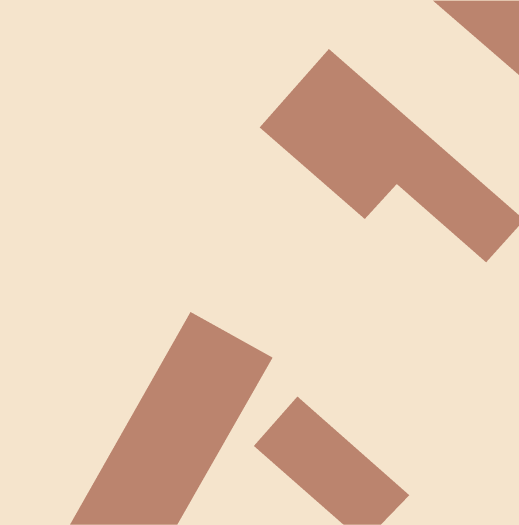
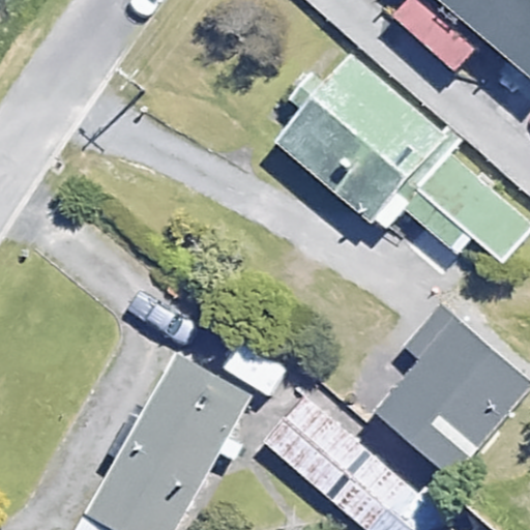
building: none -> [392,332,525,468]

